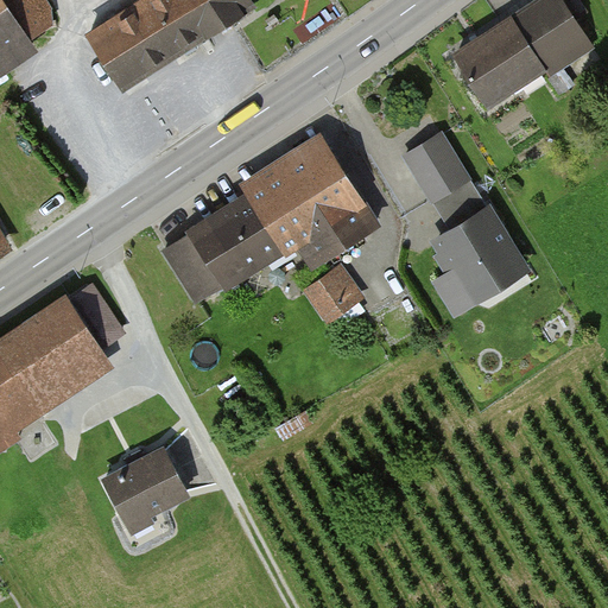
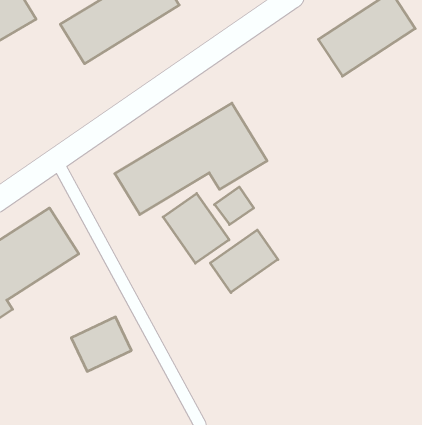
building: [403,129,528,319] -> none
building: none -> [163,193,229,263]
building: none -> [210,230,278,293]

